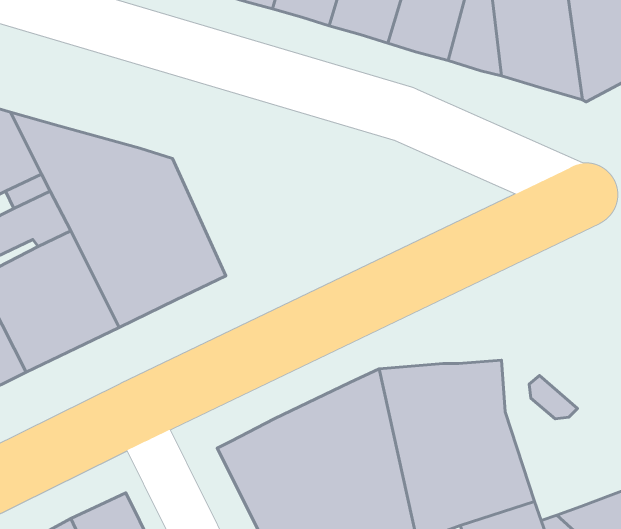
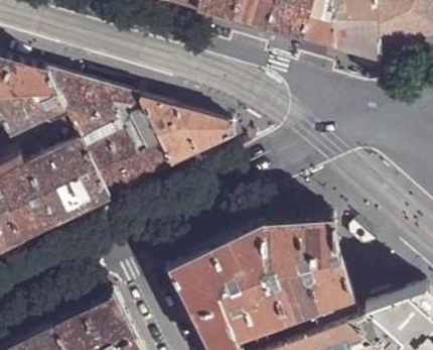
building: none -> [141,99,234,167]

